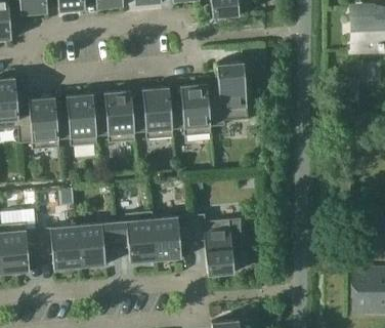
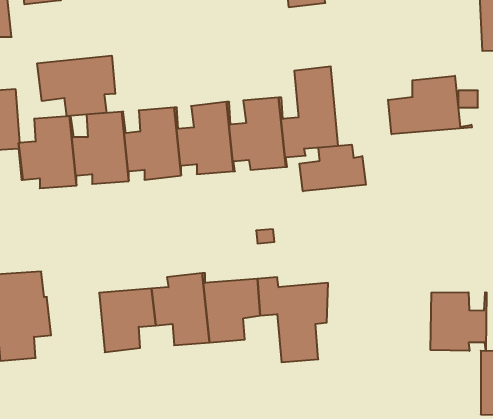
building: none -> [37,56,115,116]
building: none -> [388,76,472,134]
building: none -> [299,145,366,191]
building: none -> [431,292,486,351]
building: [37,225,79,271] -> none

